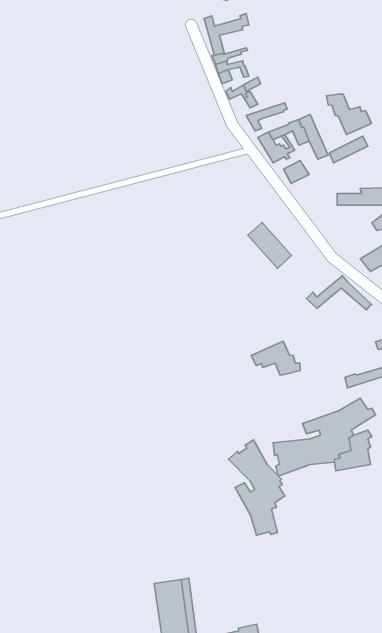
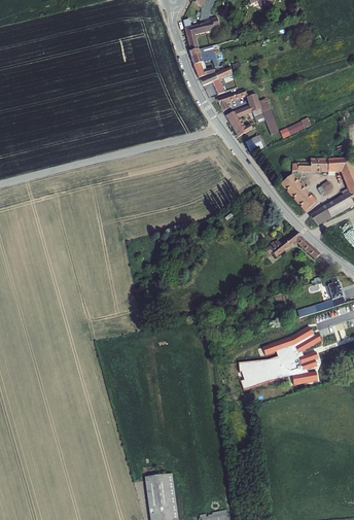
building: [326,94,372,134] -> none
building: [248,222,291,268] -> [281,173,316,210]
building: [251,341,300,375] -> none
building: [228,440,285,535] -> none

